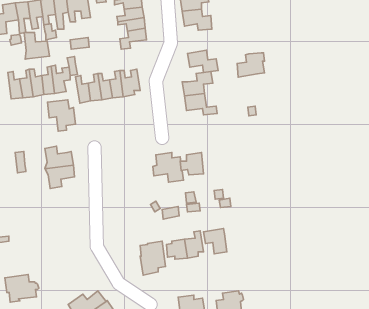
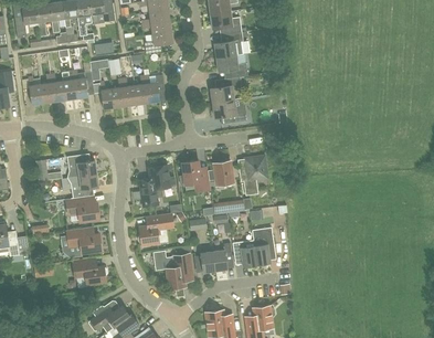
building: [24,32,49,59] -> none
building: [237,53,265,77] -> [214,32,243,57]
building: [48,100,75,131] -> none
building: none -> [237,157,268,196]
building: none -> [139,162,174,207]
building: none -> [65,197,98,222]
building: none -> [137,216,173,245]
building: none -> [66,228,100,253]
building: none -> [252,228,274,265]
building: [5,275,39,302] -> [72,260,107,288]

